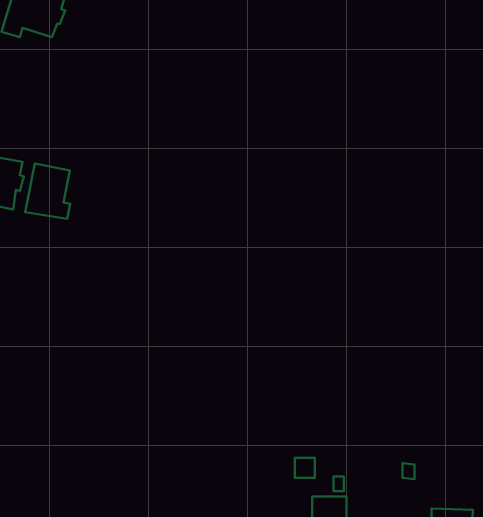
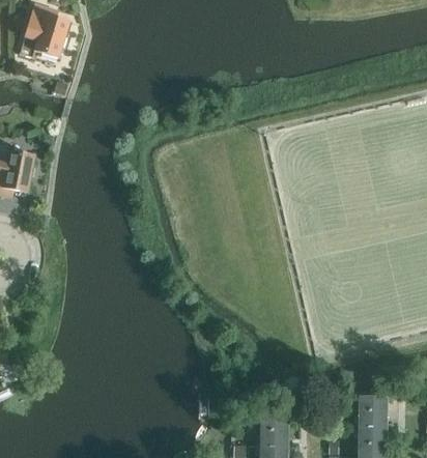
building: [25,164,70,219] -> none
building: none -> [353,396,386,426]

